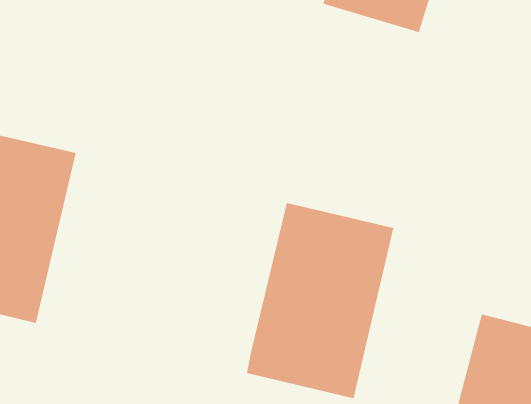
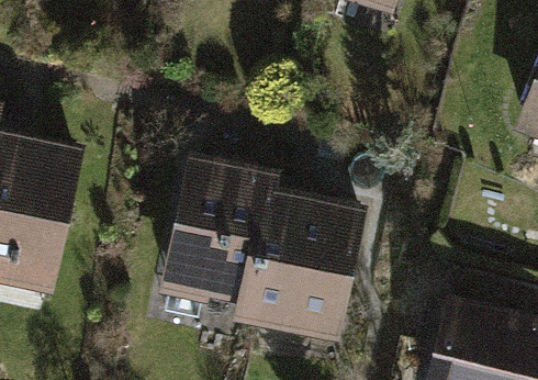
building: none -> [159,150,274,323]

